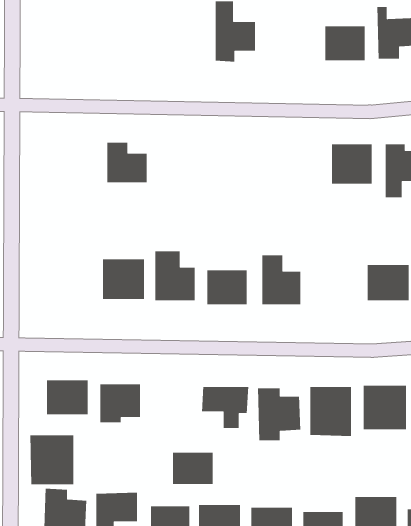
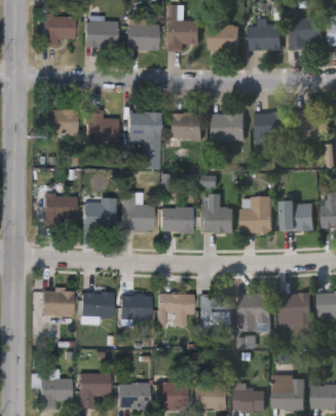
building: none -> [42,14,75,46]
building: none -> [85,21,117,47]
building: none -> [127,25,158,50]
building: none -> [208,25,238,50]
building: none -> [46,109,77,135]
building: none -> [128,113,159,163]
building: none -> [170,113,201,140]
building: none -> [212,114,244,141]
building: none -> [44,195,77,230]
building: none -> [240,197,271,232]
building: [29,434,74,485] -> none
building: [172,452,213,485] -> [120,295,151,319]

